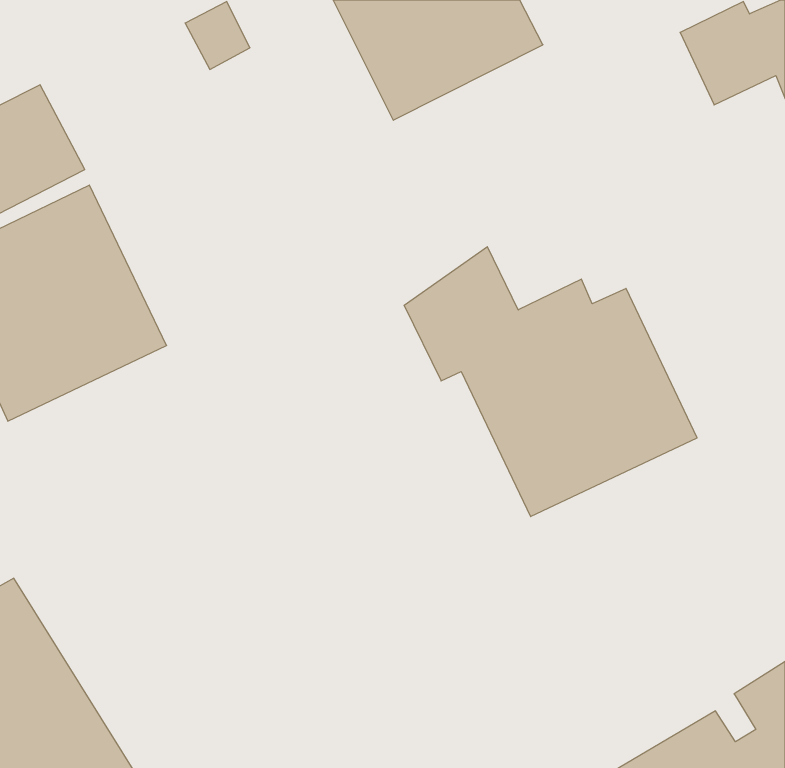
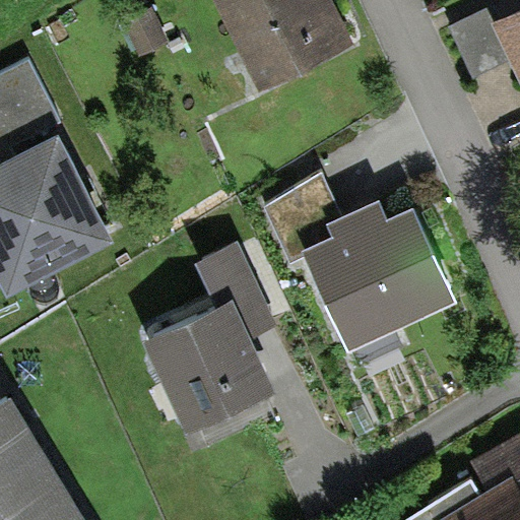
building: none -> [144,242,297,426]

